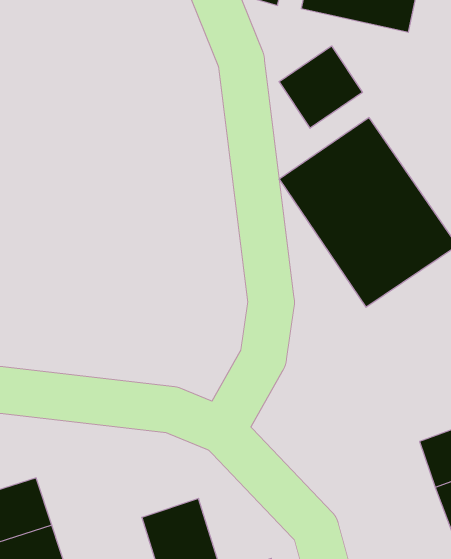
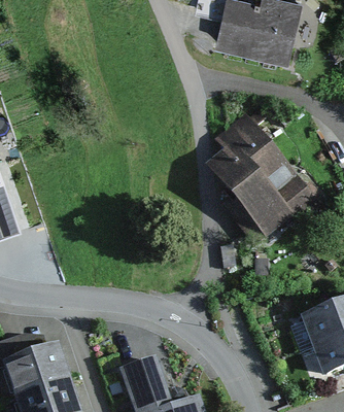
building: [279,46,362,128] -> none

